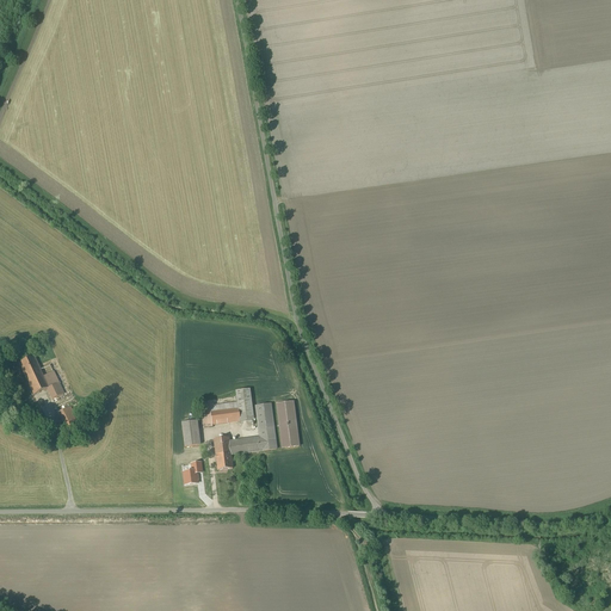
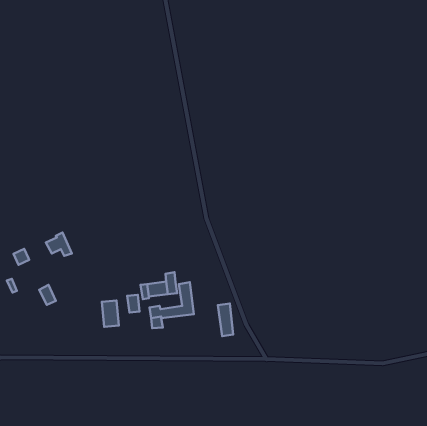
building: [26,364,63,397] -> [46,233,72,256]
building: [277,401,298,448] -> [218,304,233,336]
building: none -> [102,300,119,327]

